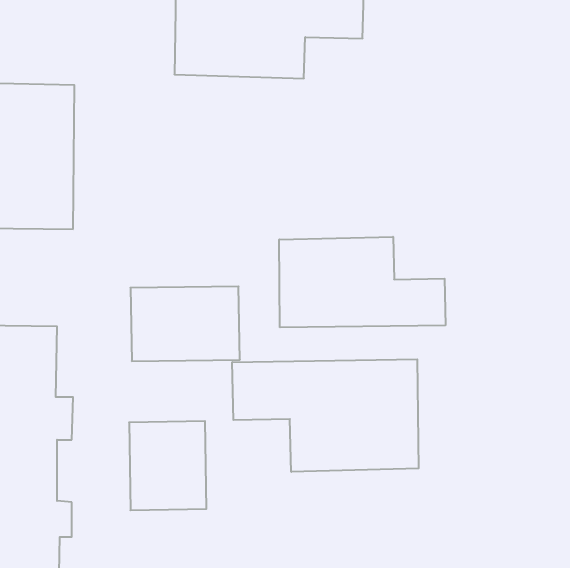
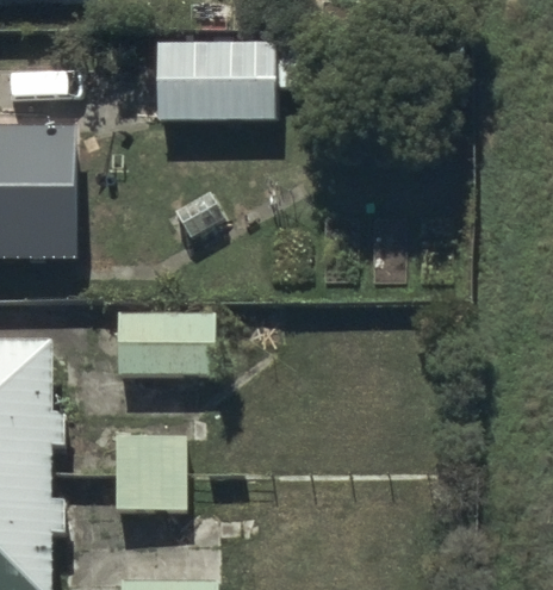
building: [279,237,445,327] -> none
building: [232,359,419,472] -> none

